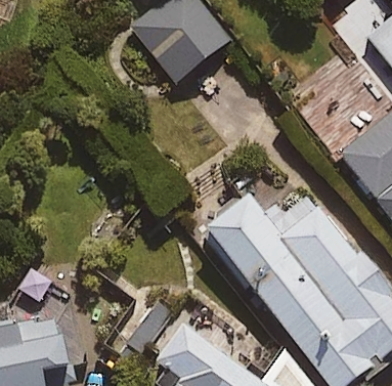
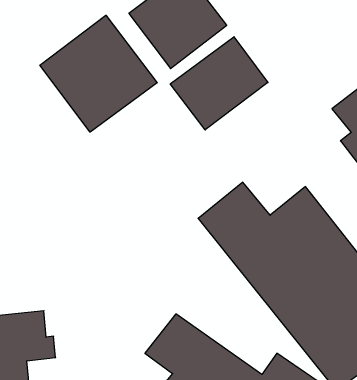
building: none -> [40,15,157,132]
building: none -> [170,37,268,130]

